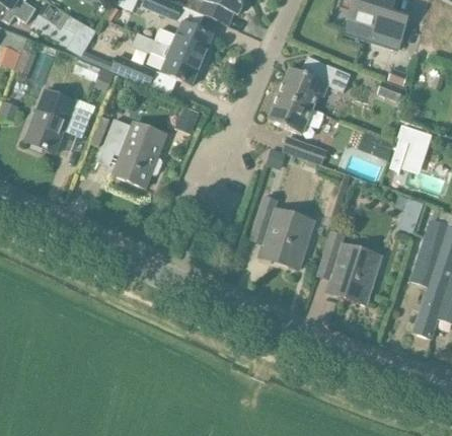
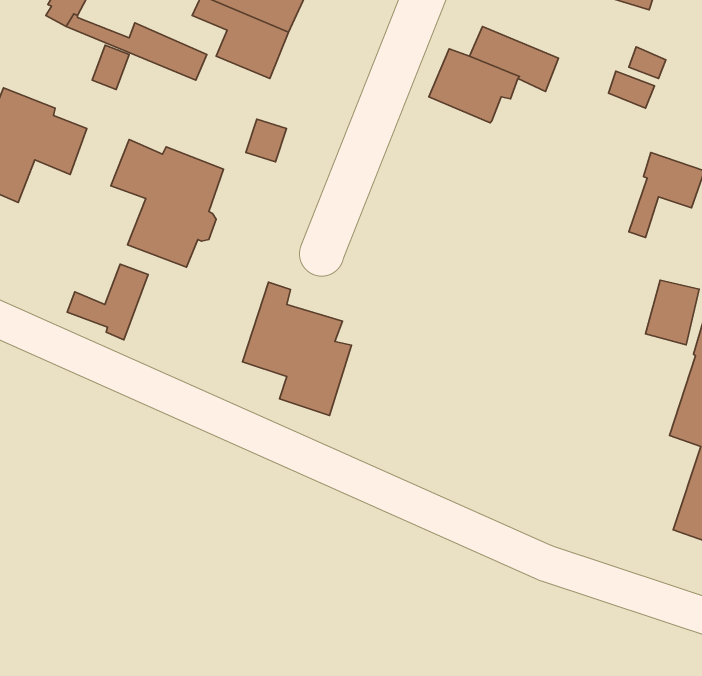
building: [269,94,323,134] -> none
building: [282,134,327,164] -> none
building: none -> [67,264,148,340]
building: [250,196,310,269] -> [242,282,352,415]
building: [318,232,378,304] -> none

